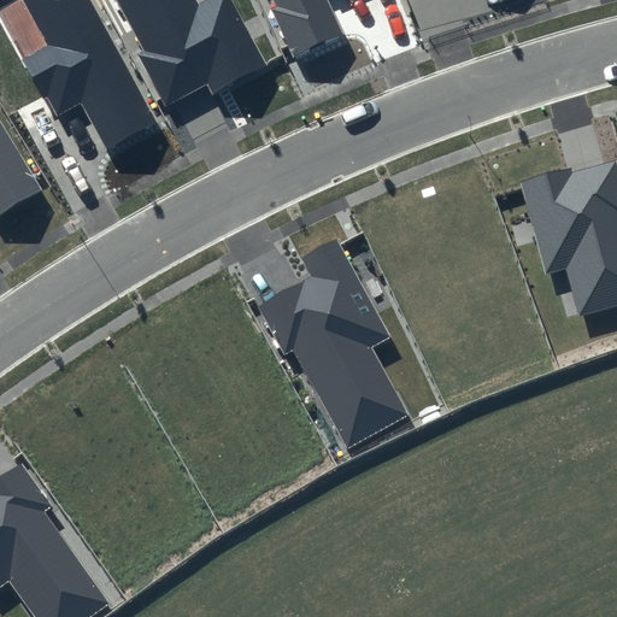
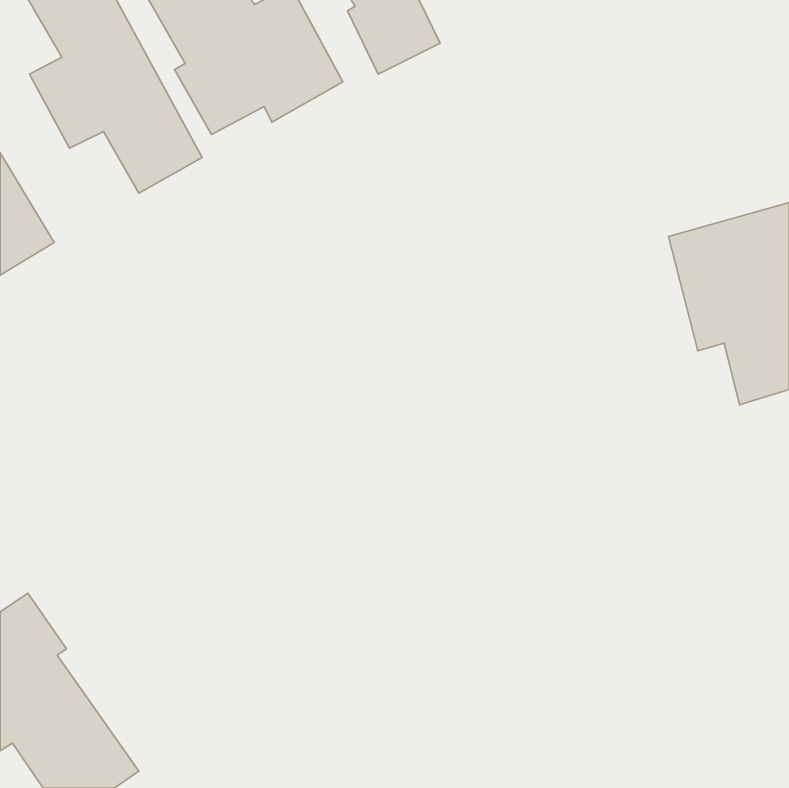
building: [258,239,407,447] -> none

